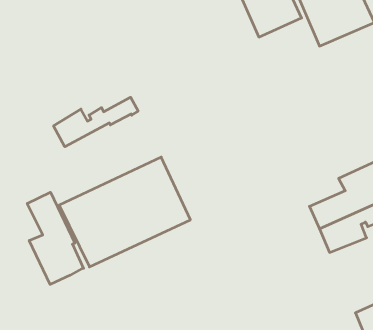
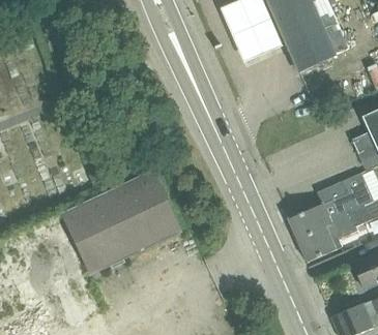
building: [54,97,138,147] -> none
building: [27,192,84,284] -> none

